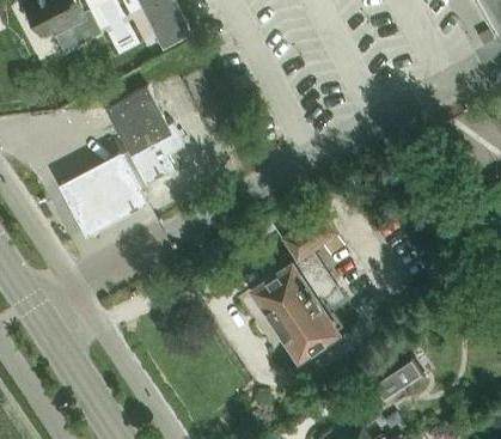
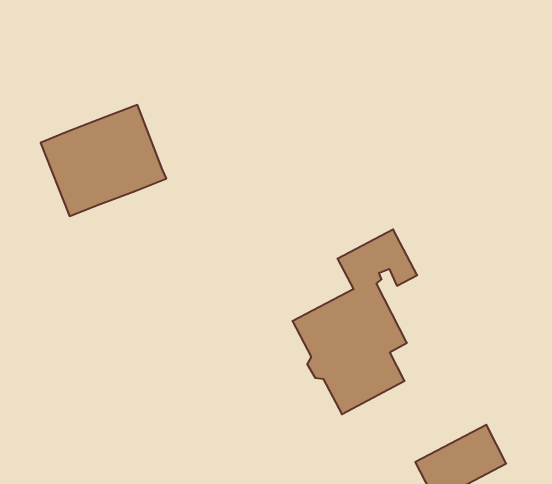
building: [110,92,189,190] -> none

